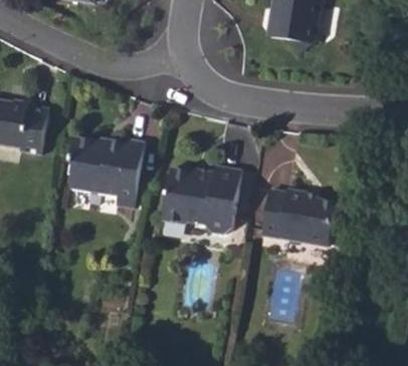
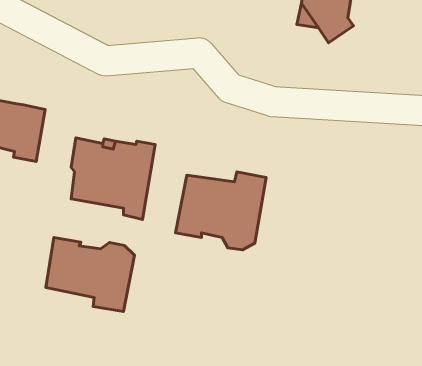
building: [261,190,341,246] -> none
building: none -> [46,237,134,312]

